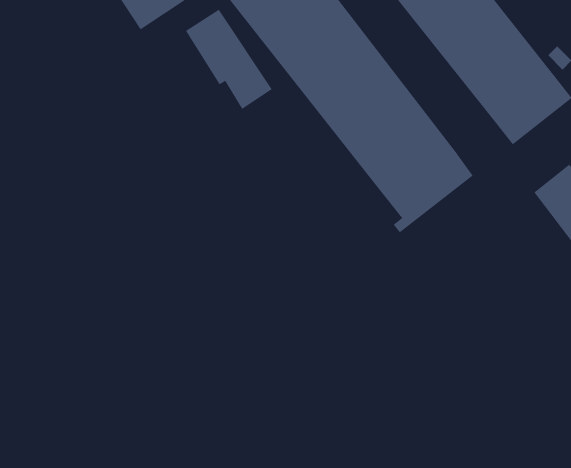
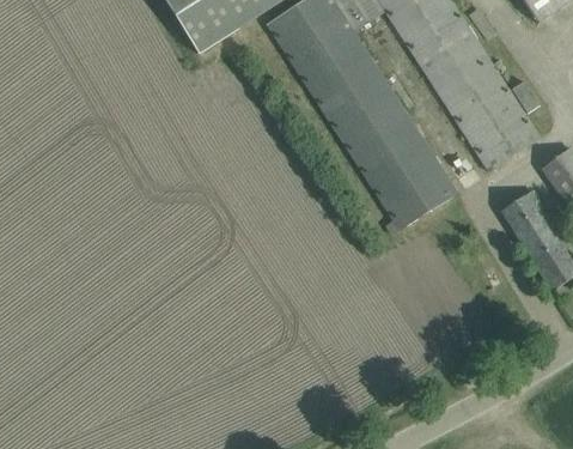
building: [185,9,273,110] -> none

